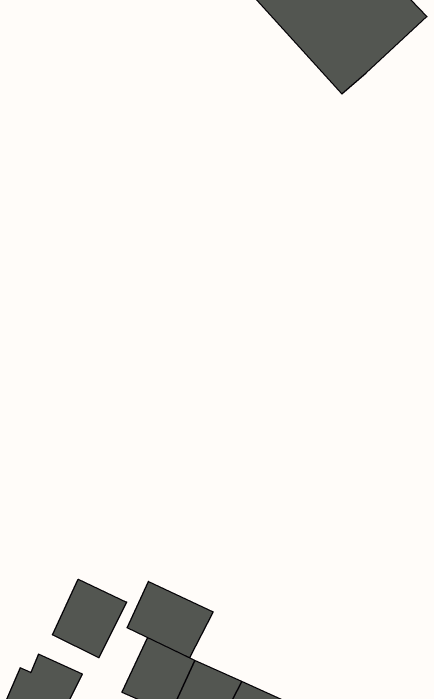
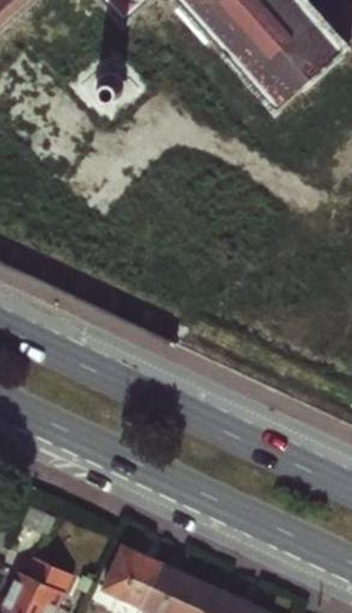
building: [53,579,127,658] -> none
building: [127,581,213,658] -> none

